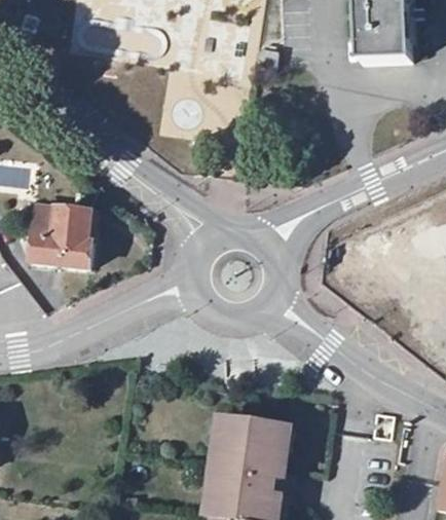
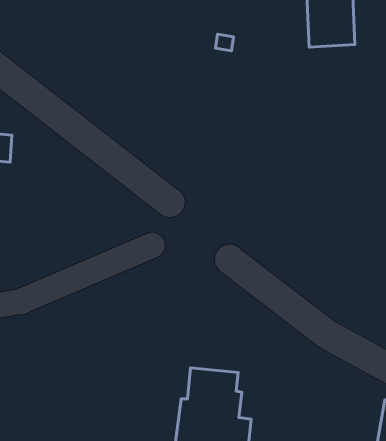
building: [29,207,91,268] -> none

